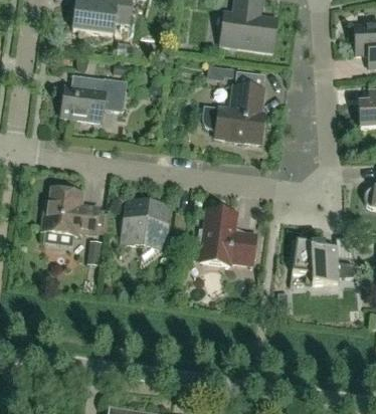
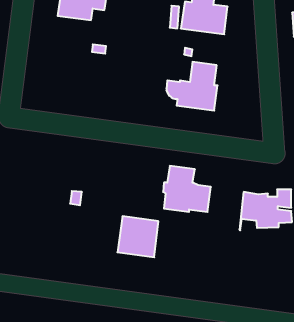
building: [61,75,127,121] -> none
building: [42,187,99,234] -> none
building: [121,197,170,246] -> [117,216,158,257]

